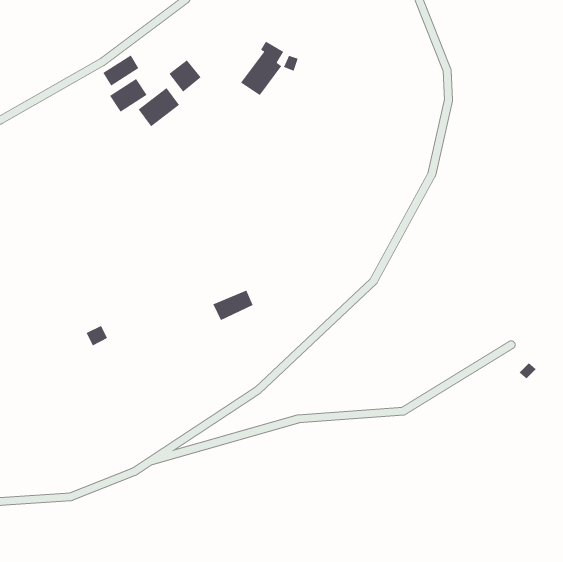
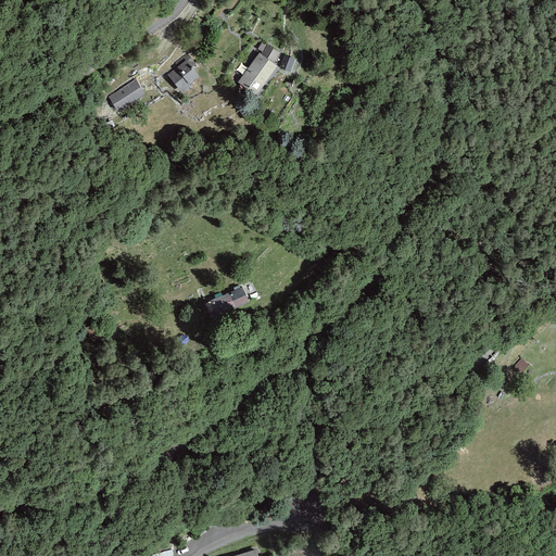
building: [103,55,139,86] -> none
building: [138,87,180,127] -> none

